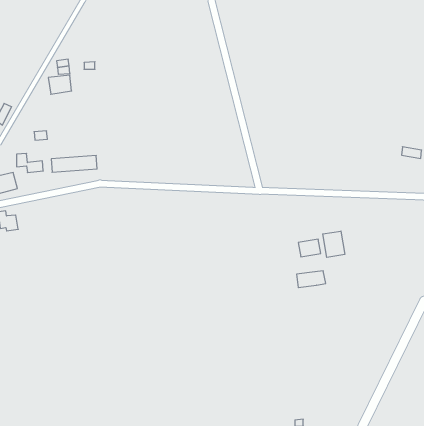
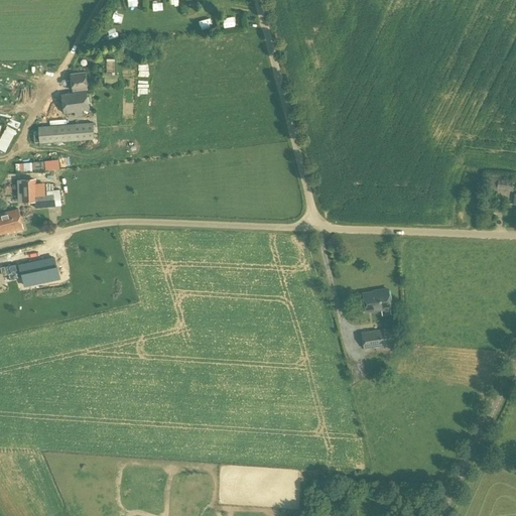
building: [51,156,97,172] -> [36,123,92,143]
building: none -> [22,259,59,286]
building: [323,231,345,257] -> none

